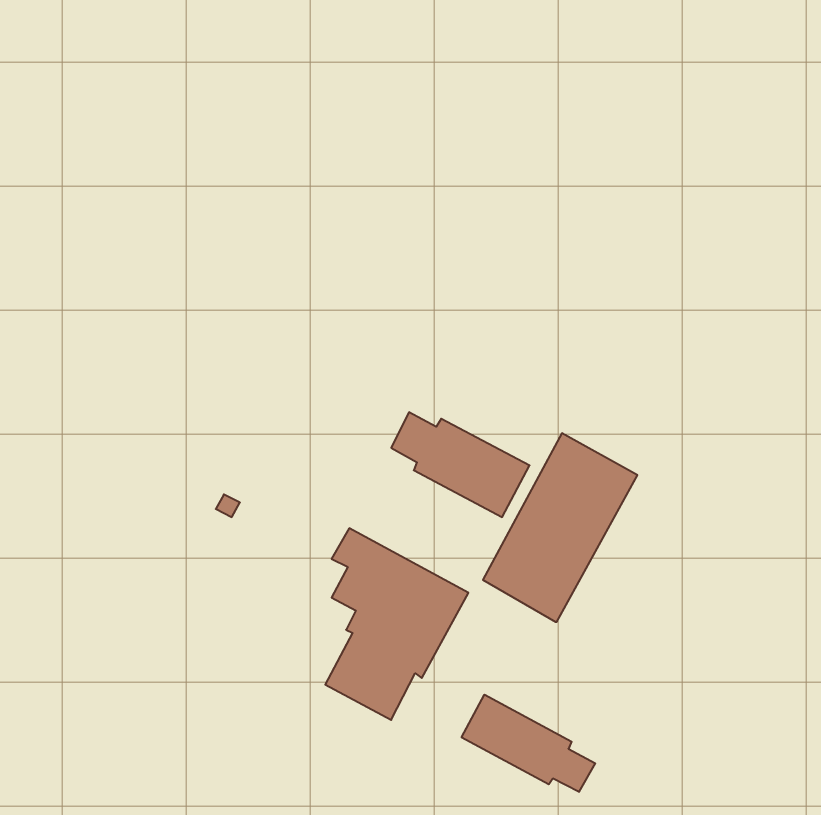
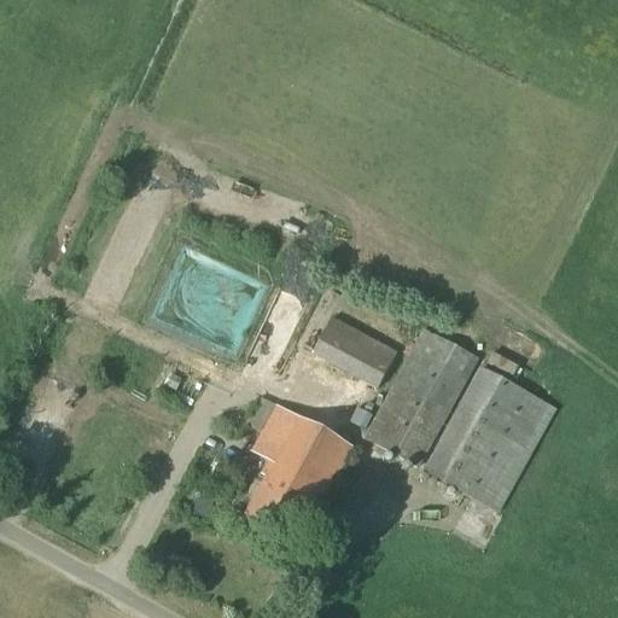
building: none -> [425,366,555,509]
building: [462,695,595,792] -> none

